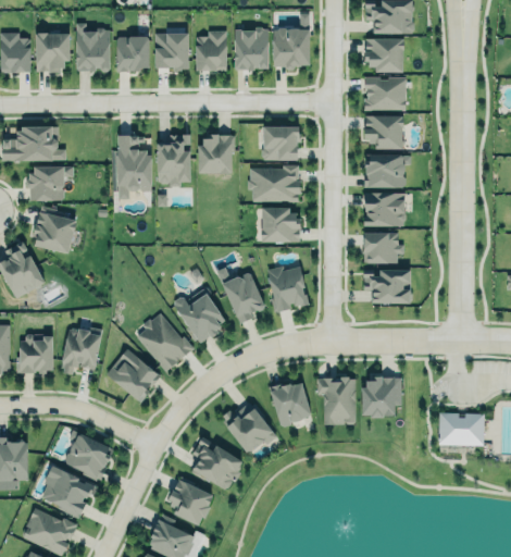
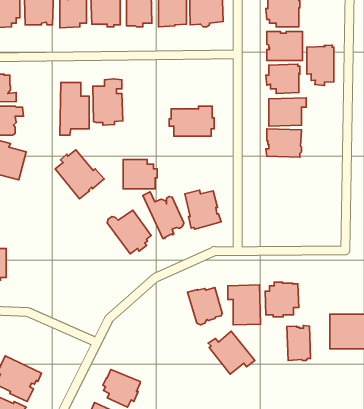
building: none -> [307,45,334,85]
building: [263,127,299,162] -> none
building: [198,135,234,174] -> none
building: [262,207,302,242] -> [123,160,157,189]
building: [364,233,402,262] -> none
building: [363,270,410,304] -> none
building: [136,313,195,372] -> [55,150,104,199]
building: [62,327,101,374] -> none
building: [107,350,161,403] -> none
building: [222,401,277,453] -> [208,331,255,374]
building: none -> [287,325,311,361]
building: [65,431,114,480] -> none
building: [190,445,242,490] -> none

